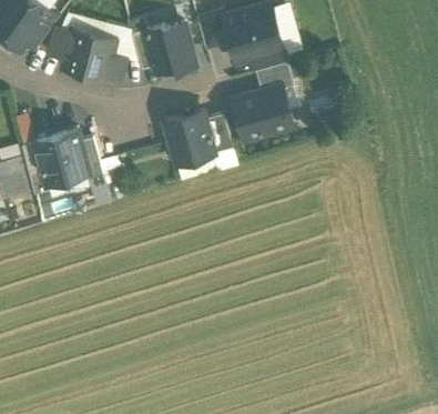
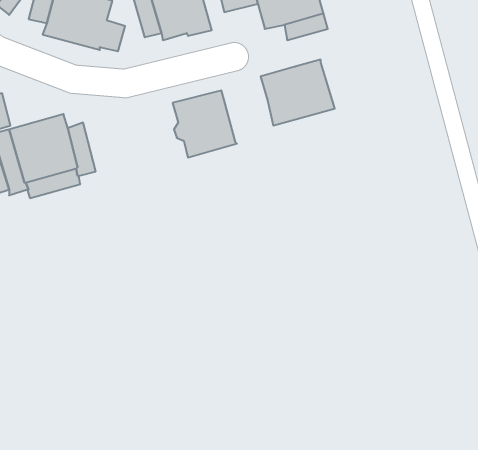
building: [255,60,294,90] -> none
building: [205,111,233,150] -> none

